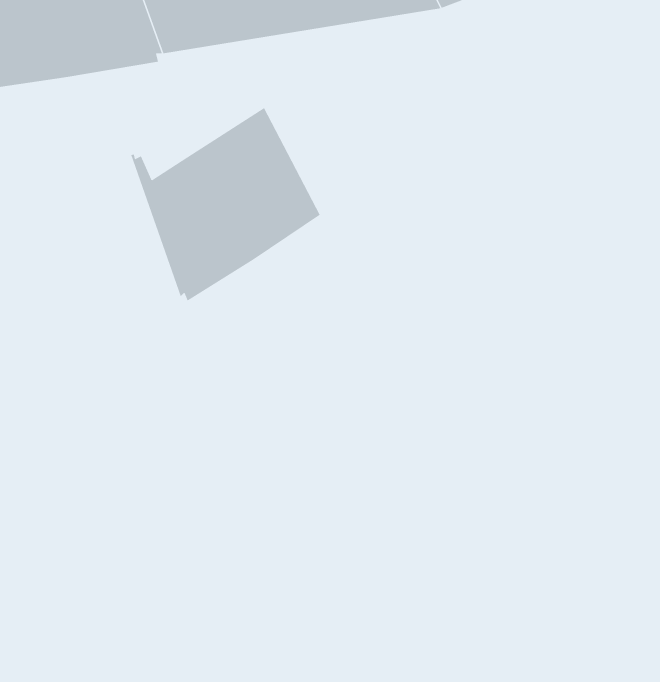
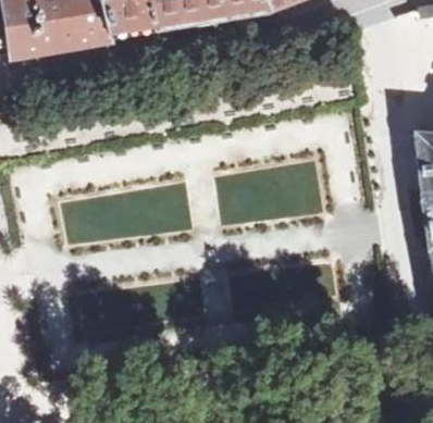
building: [130,107,321,302] -> none

